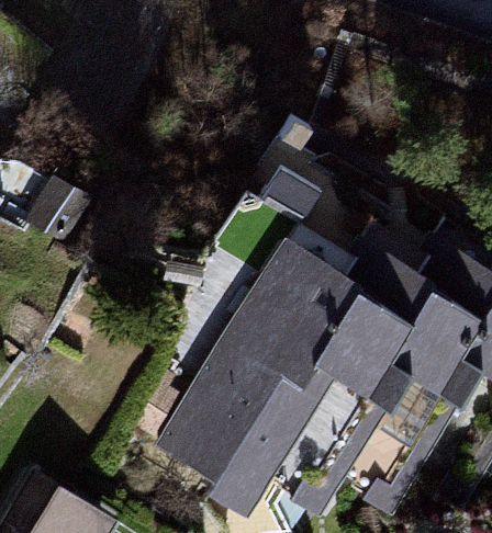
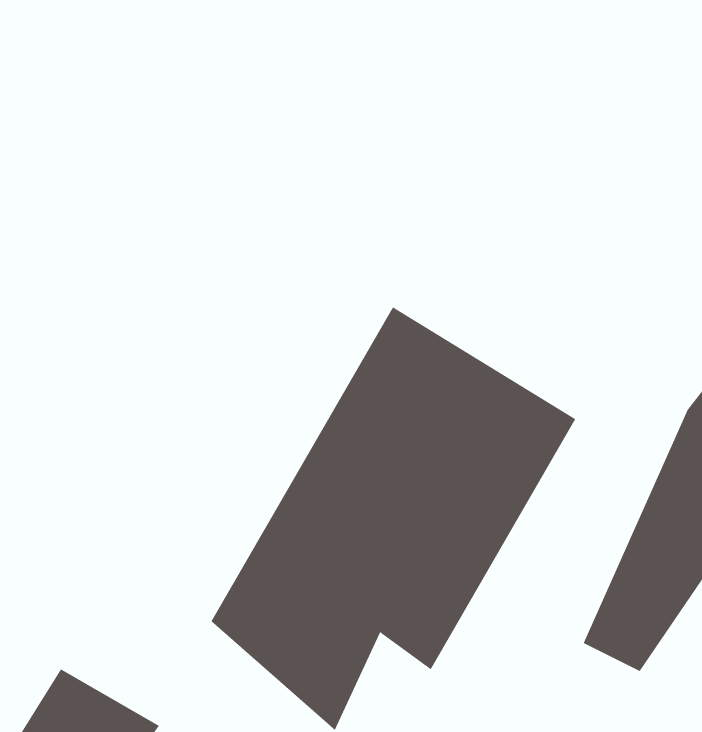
building: [304,284,471,511] -> none

